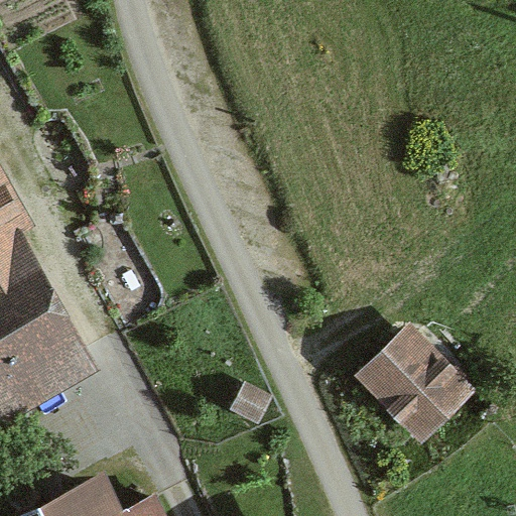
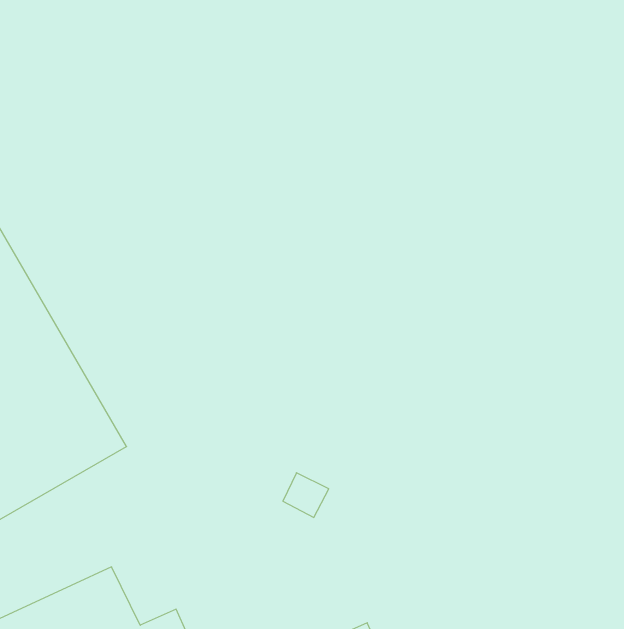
building: [358,331,470,443] -> none

